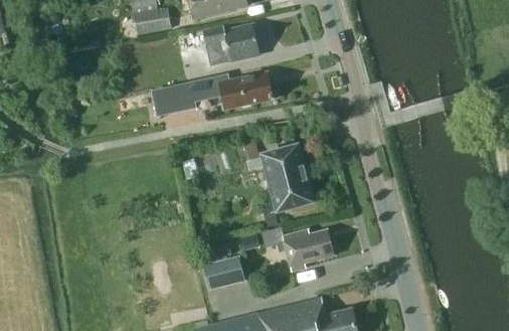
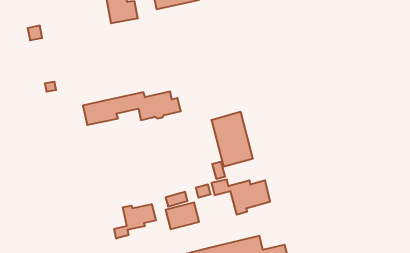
building: [203,23,261,65] -> none
building: [153,73,274,115] -> [83,92,181,125]
building: none -> [114,204,156,239]

